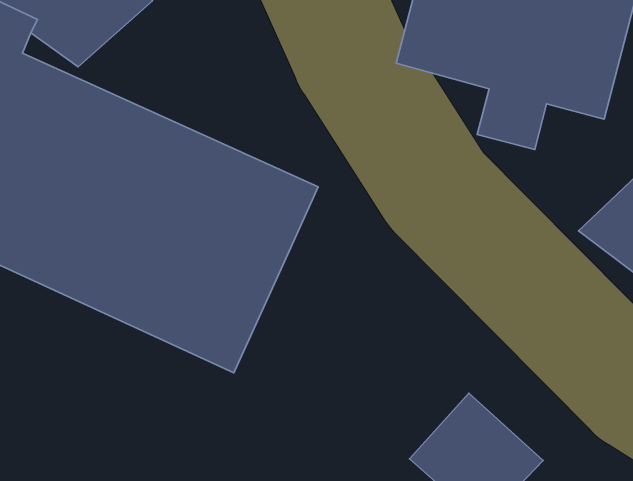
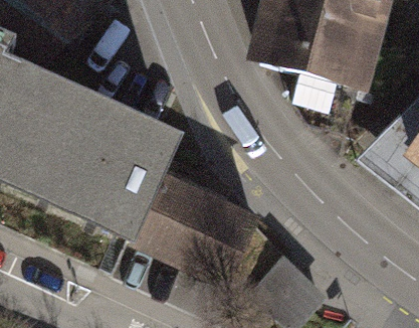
building: none -> [144,175,267,291]

